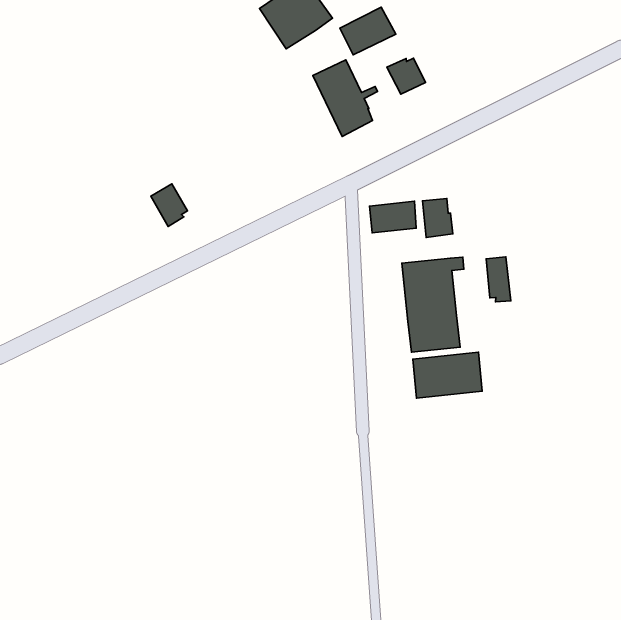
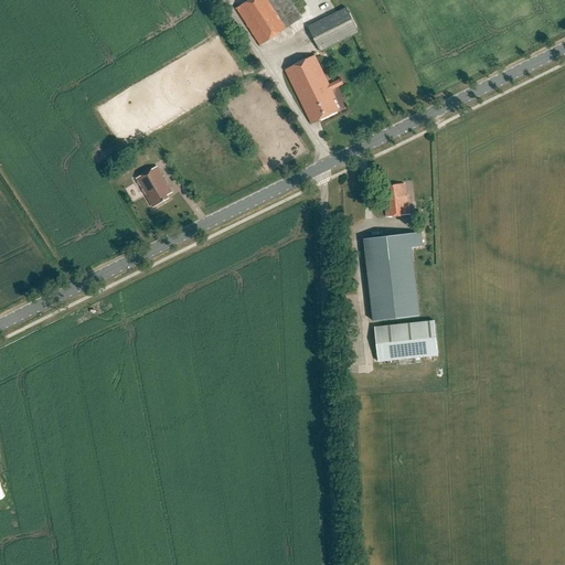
building: [387,58,425,94] -> none
building: [370,201,416,233] -> none
building: [486,257,511,302] -> none

